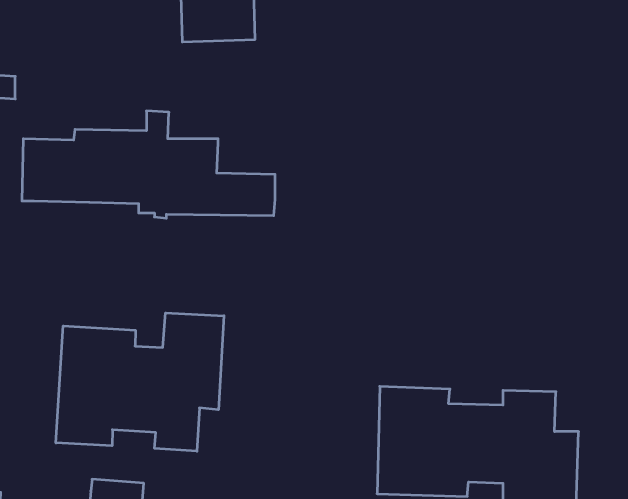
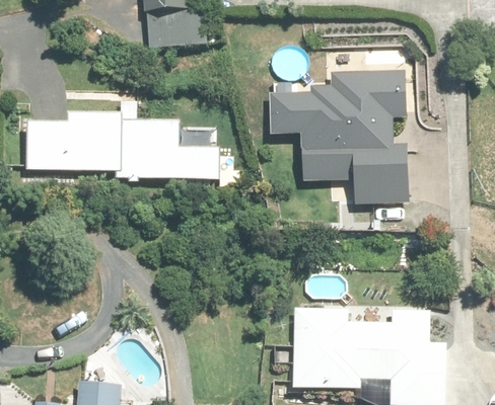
building: none -> [278,72,409,195]
building: [56,313,224,451] -> none

